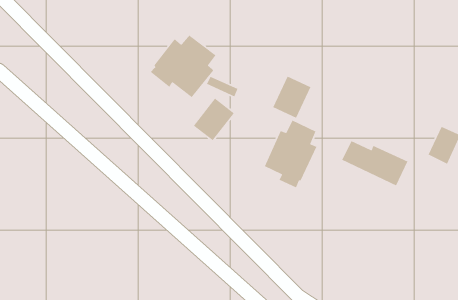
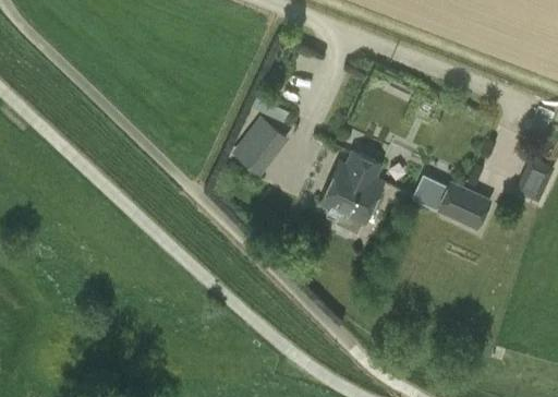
building: [150,34,216,98] -> none
building: [272,75,312,119] -> none

